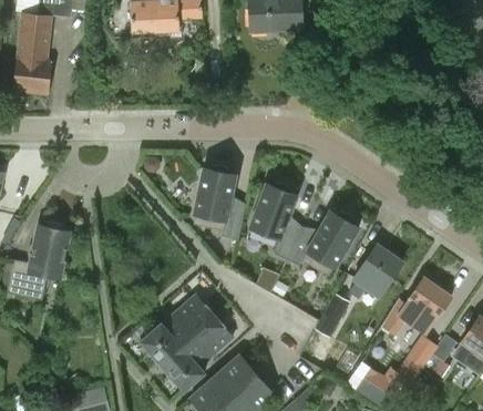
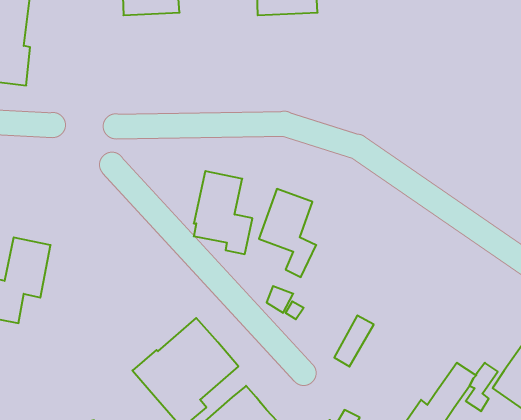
building: [286,209,358,275] -> none
building: [347,244,402,307] -> none
building: [382,275,451,332] -> none

